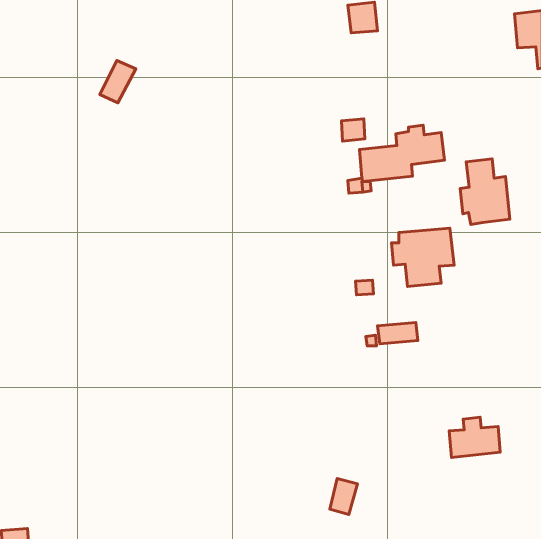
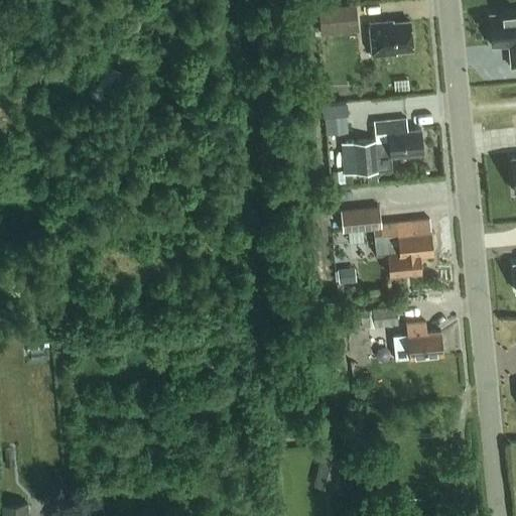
building: none -> [370,20,412,57]
building: [460,159,510,224] -> none
building: none -> [340,207,380,231]
building: [449,417,500,457] -> [393,322,441,361]

